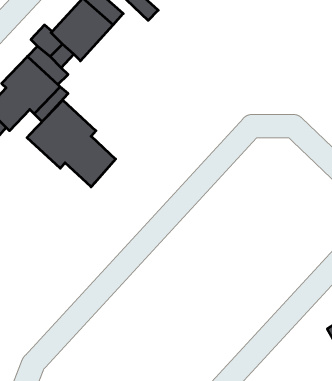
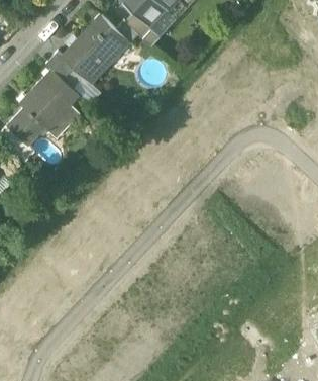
building: [27,100,116,187] -> none

